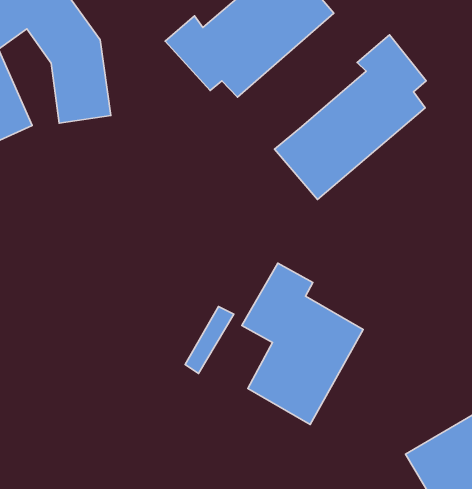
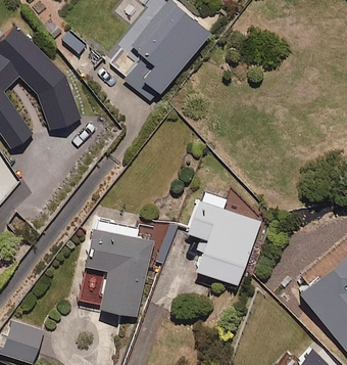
building: [275,35,426,199] -> none
building: none -> [77,220,151,318]

